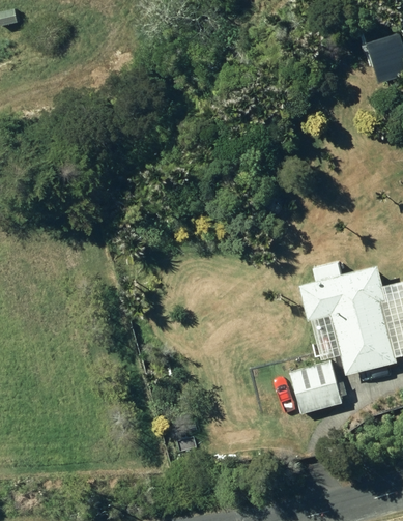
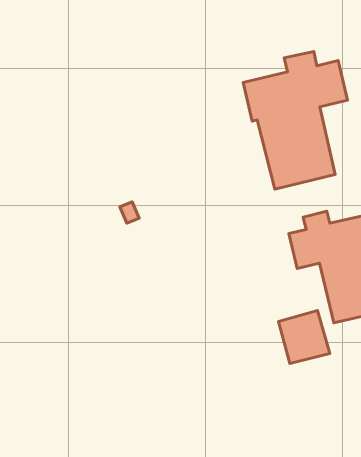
building: none -> [243,52,348,189]

